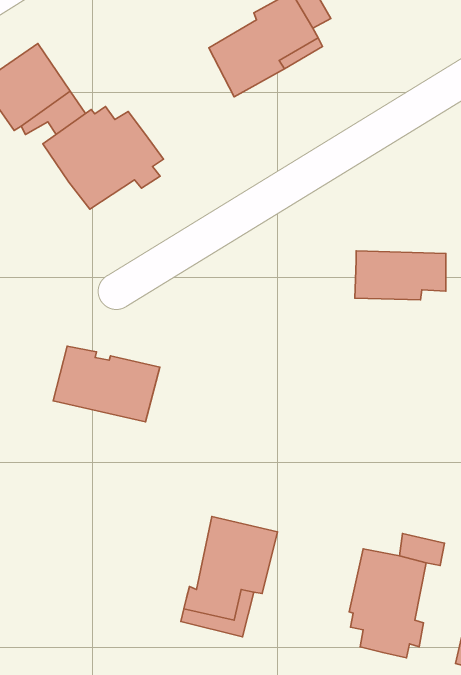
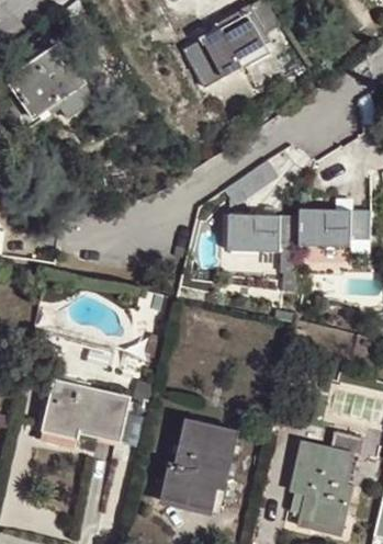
building: [43,107,163,209] -> none
building: none -> [226,215,298,253]
building: [53,346,160,422] -> [43,379,126,439]

